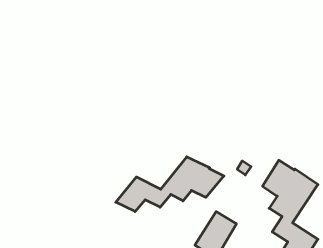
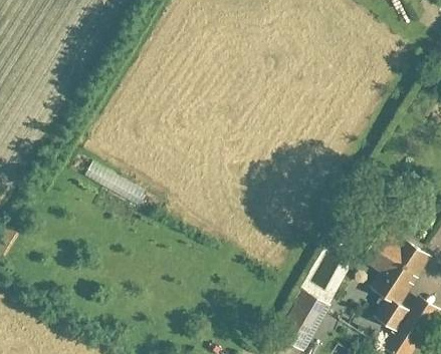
building: [116,157,224,212] -> none

